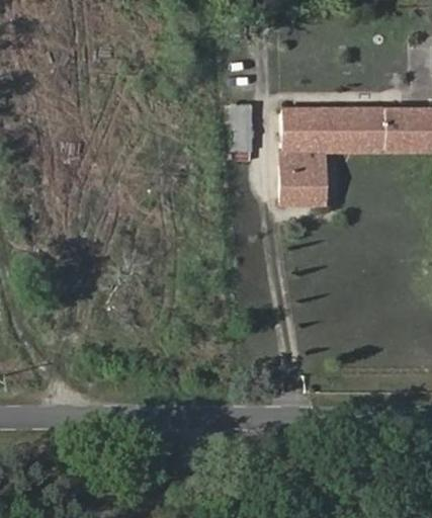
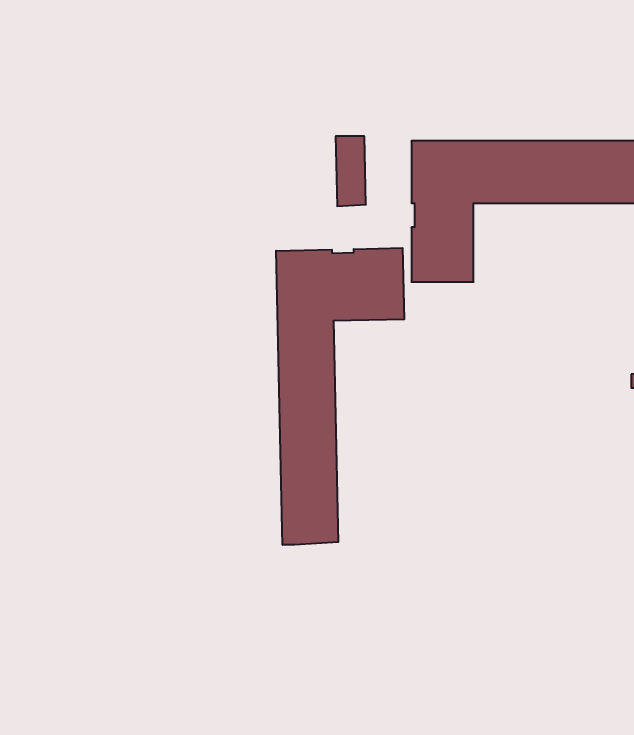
building: none -> [276,248,404,545]

